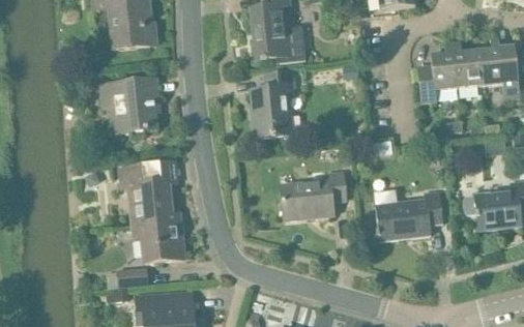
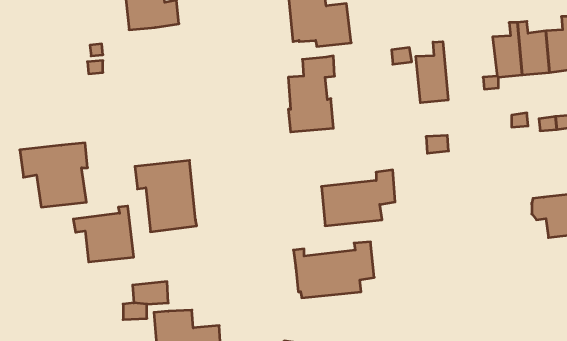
building: none -> [416,42,448,103]
building: [100,78,159,133] -> [20,143,88,207]
building: [373,191,443,240] -> [293,242,374,298]
building: [133,213,185,262] -> [73,206,134,262]

